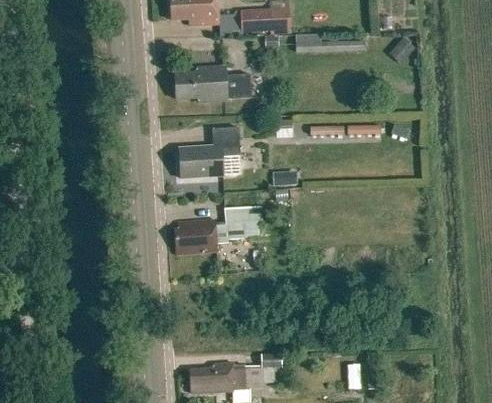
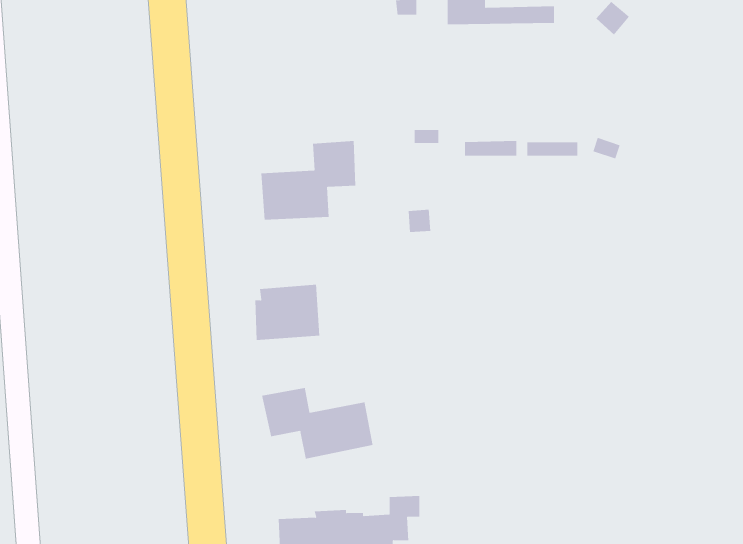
building: [175,65,251,101] -> none
building: [223,206,262,240] -> none
building: none -> [261,387,373,459]

